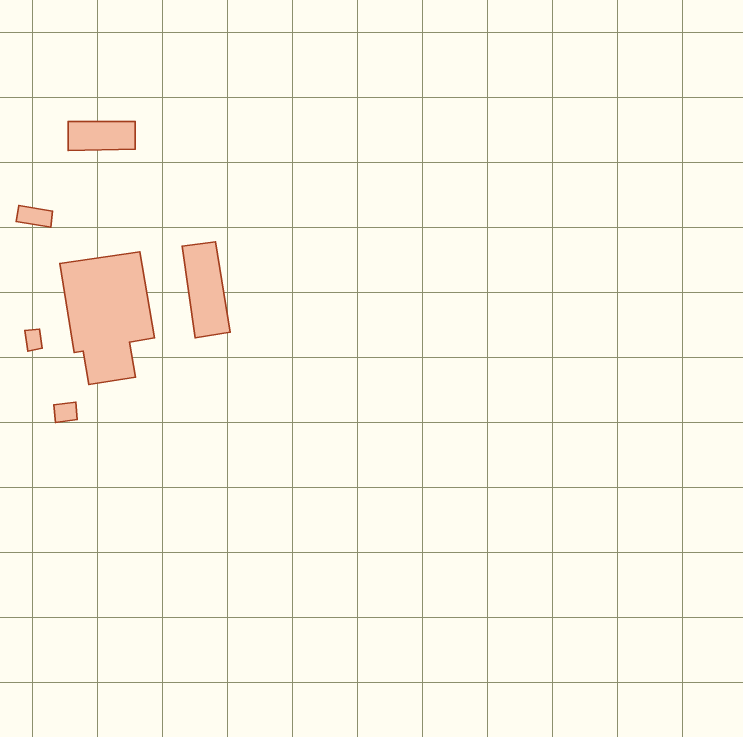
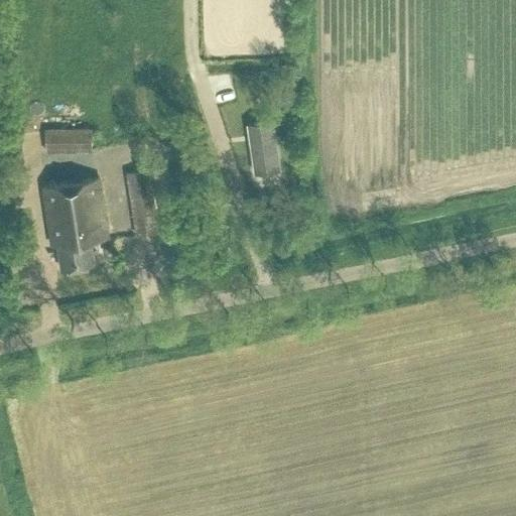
building: [68,121,135,151] -> [44,131,91,151]
building: none -> [248,123,279,175]

